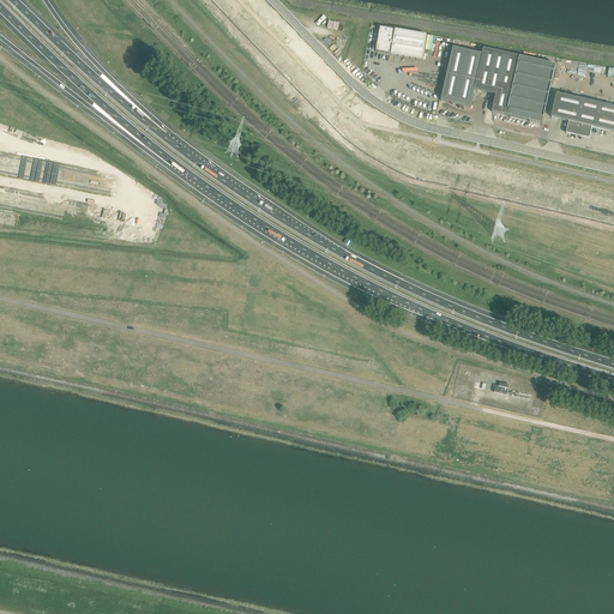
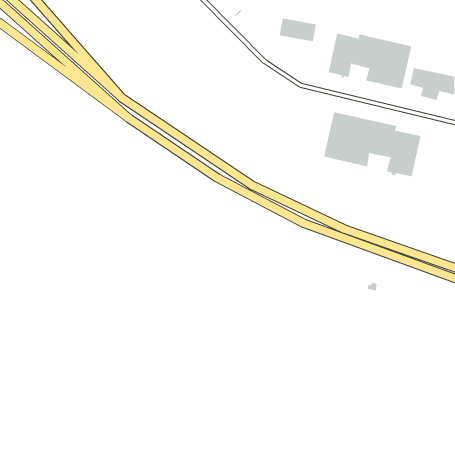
building: none -> [323,112,421,177]

